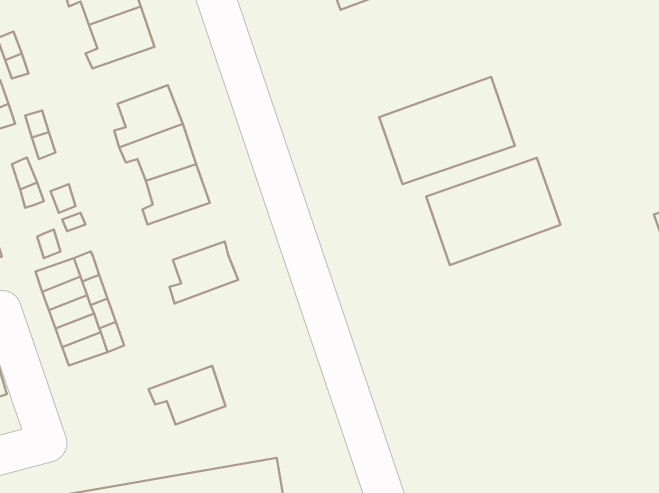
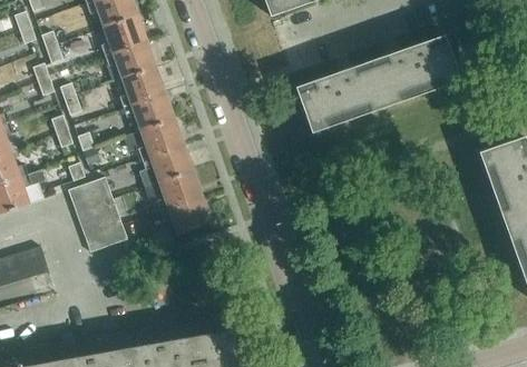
building: none -> [105,41,155,79]
building: [426,158,560,265] -> [370,36,459,107]
building: none -> [138,145,193,188]
building: [149,366,226,425] -> [159,196,211,235]

